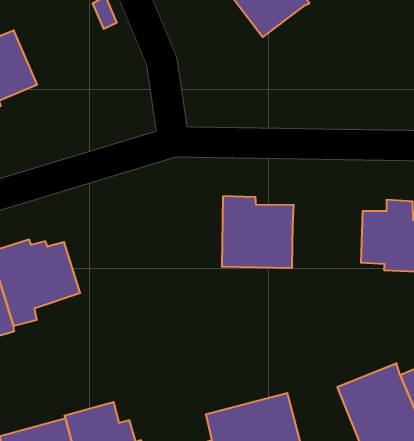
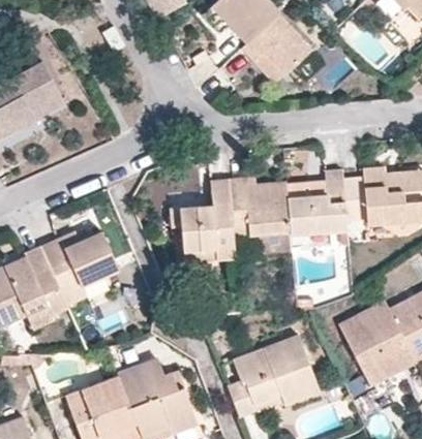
building: none -> [241,14,311,77]
building: none -> [170,179,235,261]
building: none -> [288,168,348,236]

